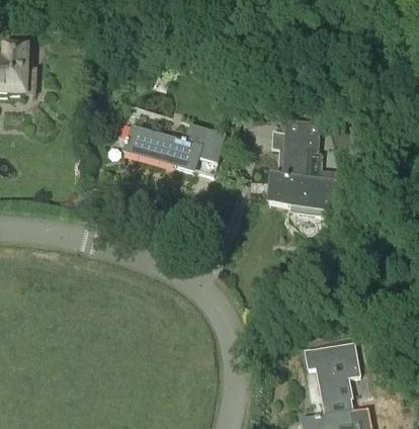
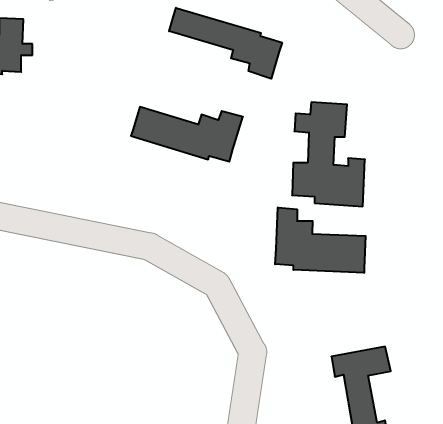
building: none -> [169,8,282,79]
building: none -> [275,207,366,273]

